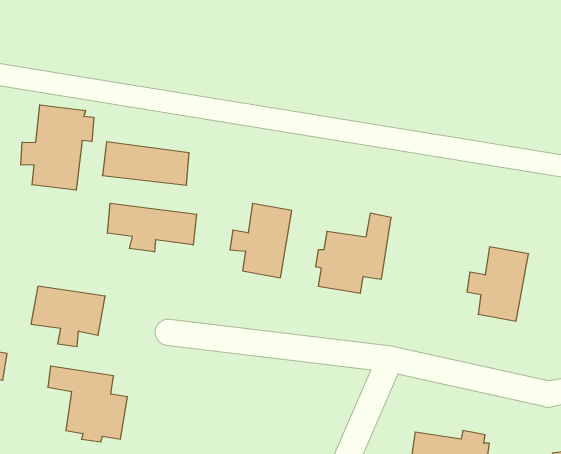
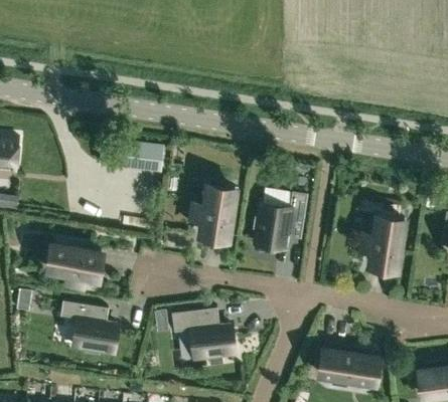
building: [21,105,94,190] -> none
building: [107,203,196,252] -> none
building: none -> [172,312,235,359]

